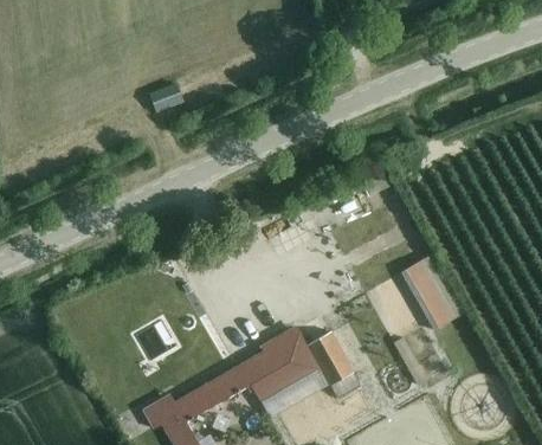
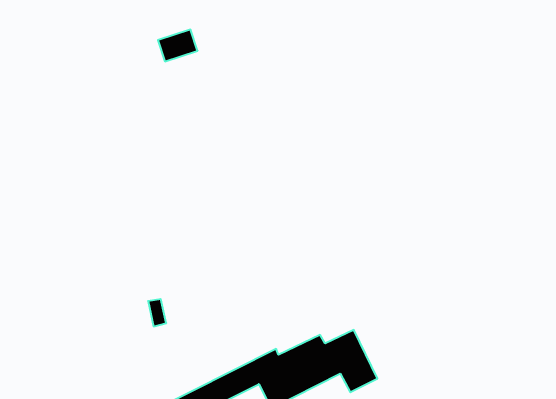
building: [399,250,449,318] -> none

